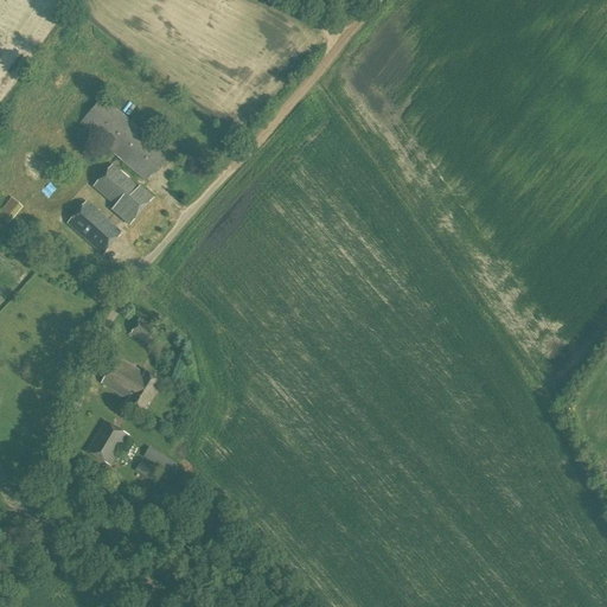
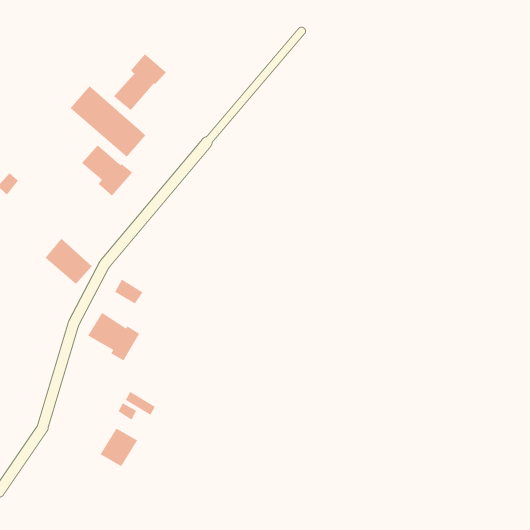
building: none -> [113,53,167,111]
building: [66,200,121,254] -> [45,238,92,285]
building: [84,420,128,465] -> [100,428,138,467]

